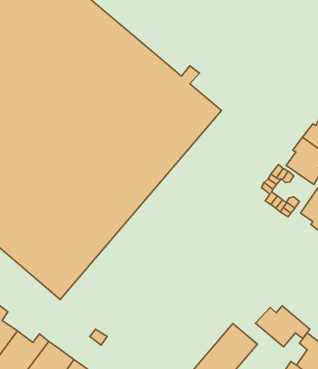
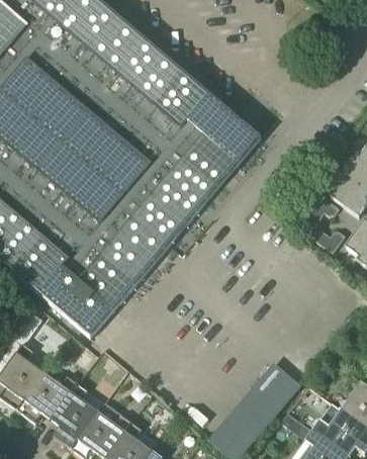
building: [256,306,310,347] -> none

